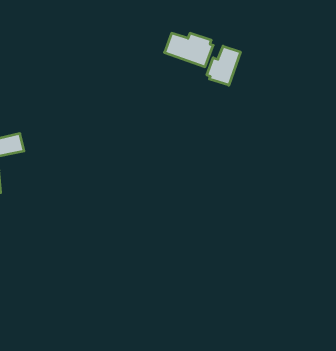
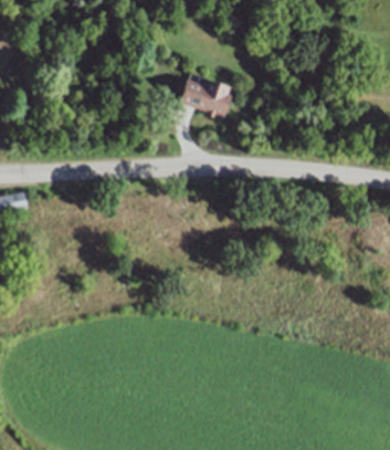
building: [207,46,240,85] -> none

